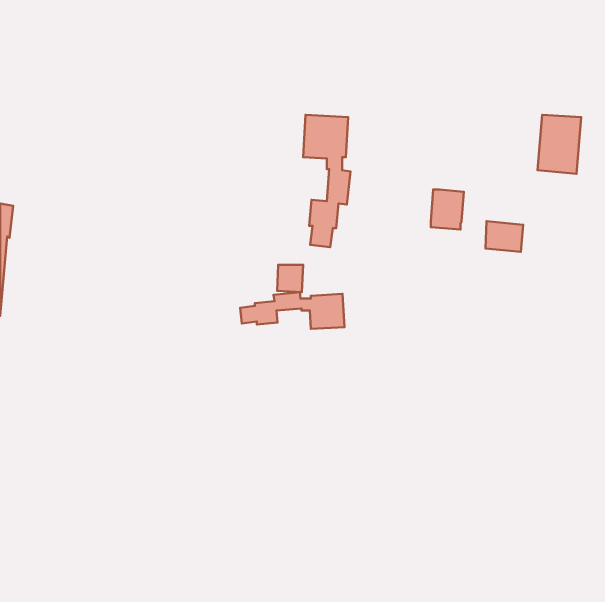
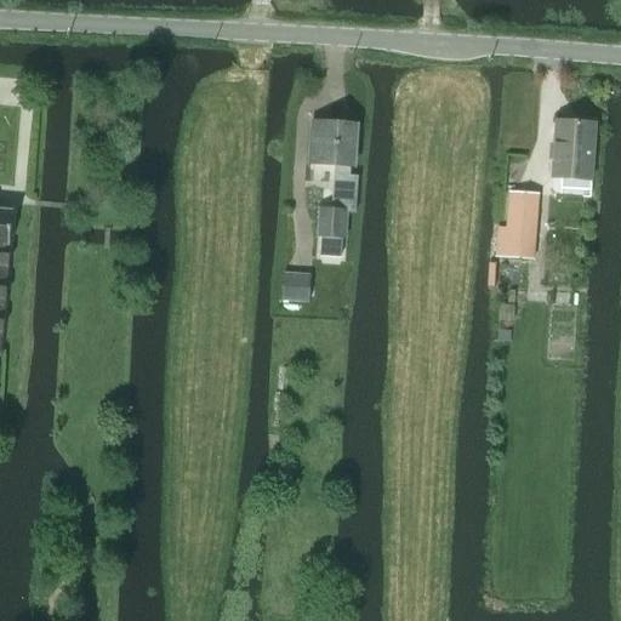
building: [431,189,464,230] -> [506,189,540,230]
building: [240,292,345,329] -> none

